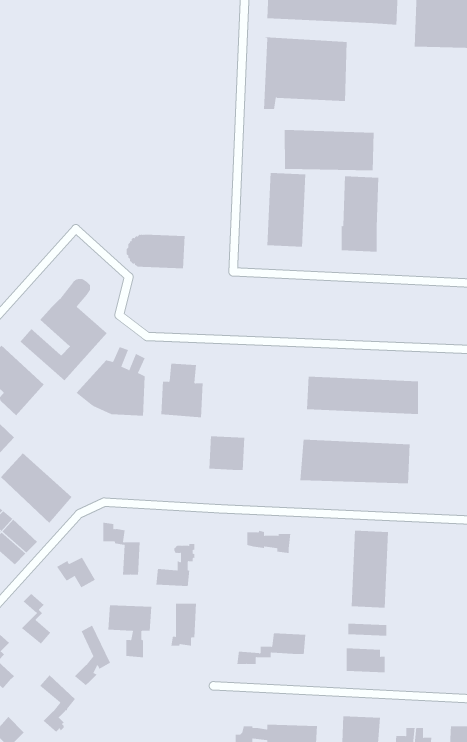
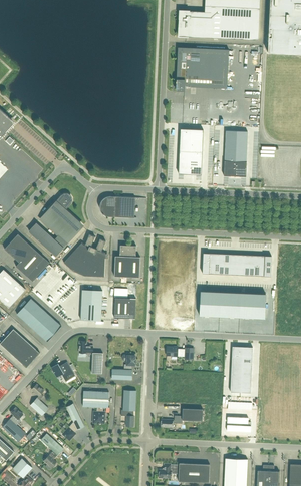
building: [284,129,374,171] -> none
building: [126,234,186,269] -> [99,196,135,217]
building: [209,436,245,471] -> [114,298,136,319]
building: none -> [81,290,102,321]

